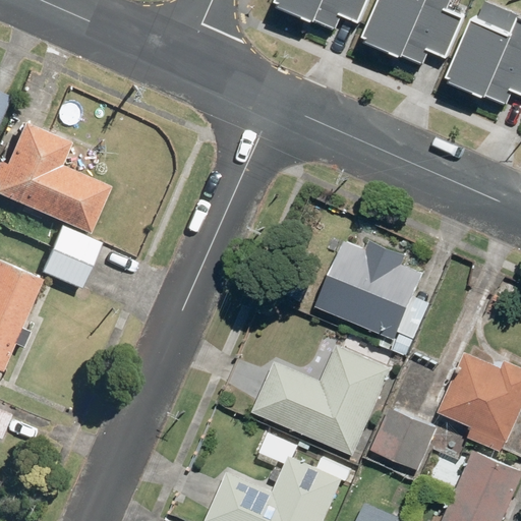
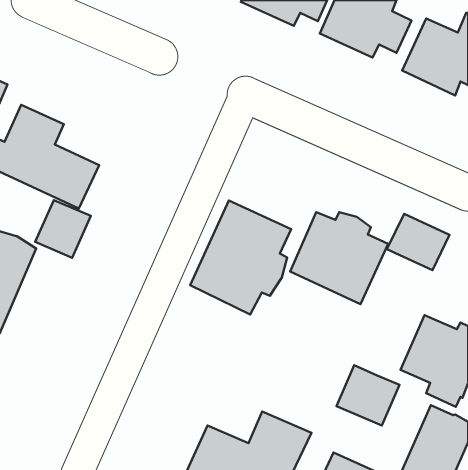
building: none -> [190,201,291,314]
building: none -> [387,214,449,270]
building: [253,344,391,456] -> none

